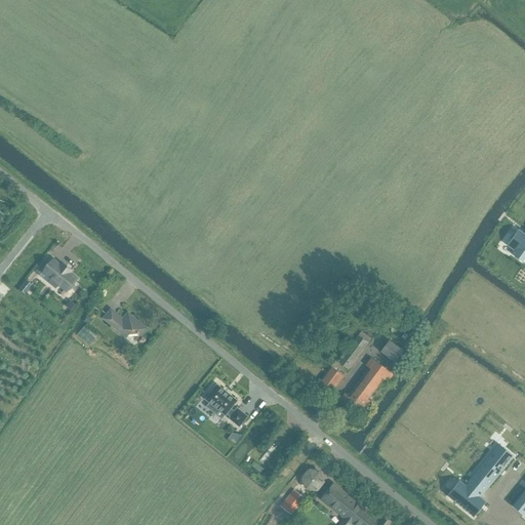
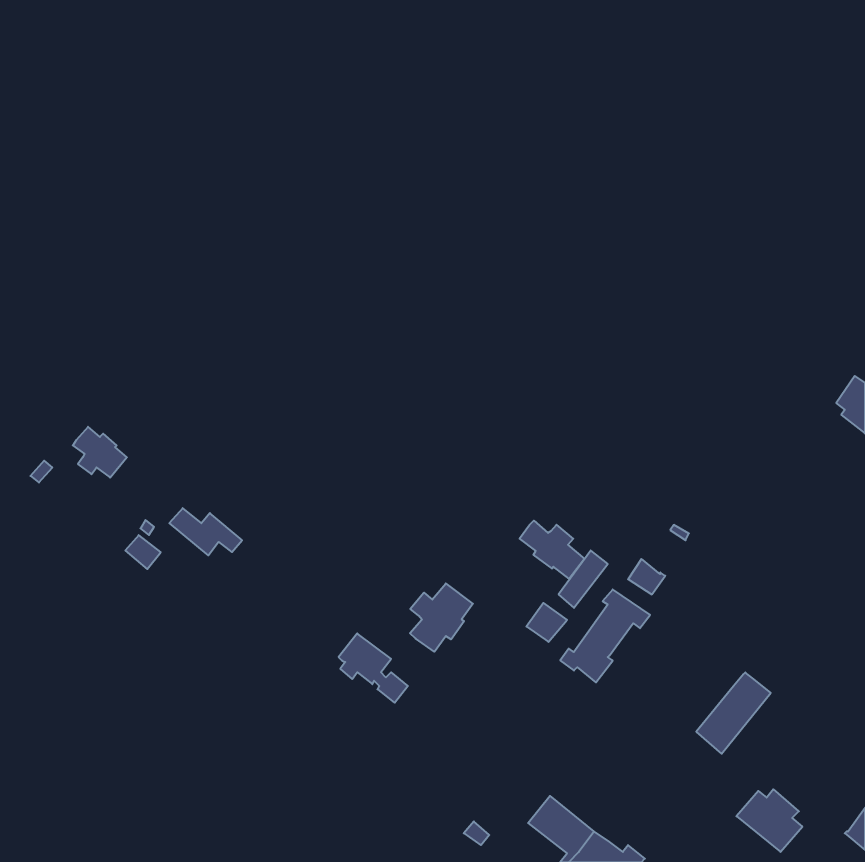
building: none -> [520,521,585,579]
building: none -> [410,583,473,652]
building: [469,442,514,491] -> [696,672,771,754]
building: [299,467,324,490] -> none

